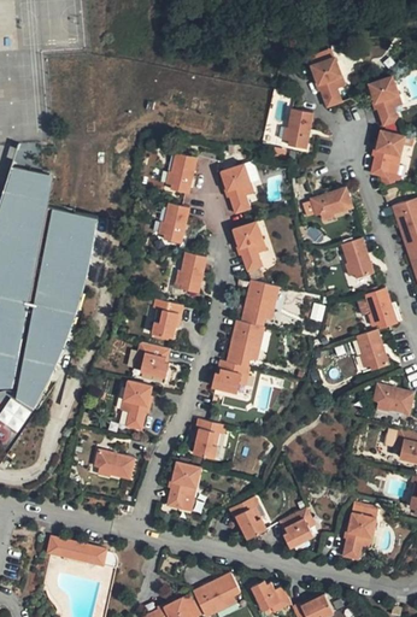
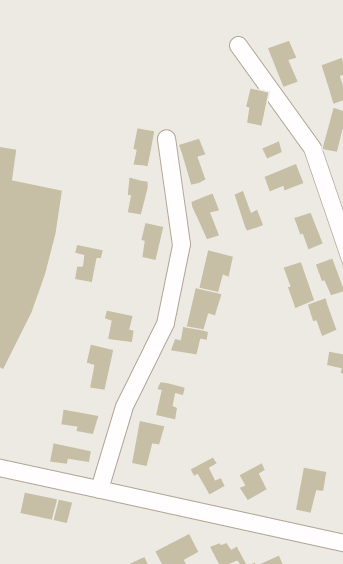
building: none -> [234,190,264,232]
building: none -> [282,261,315,309]
building: [151,298,182,339] -> [74,244,104,283]
building: none -> [49,442,92,465]

